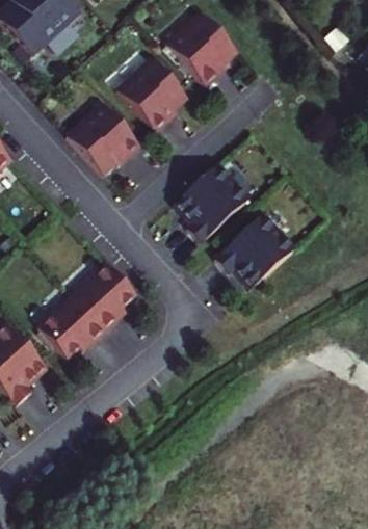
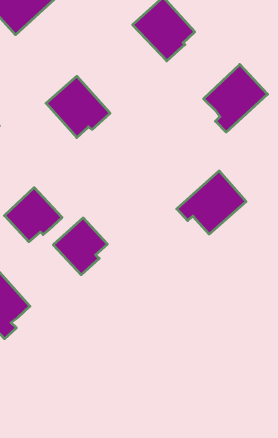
building: [116,56,187,130] -> none
building: [177,161,251,239] -> [204,64,268,132]
building: [40,296,106,359] -> [4,188,62,242]

